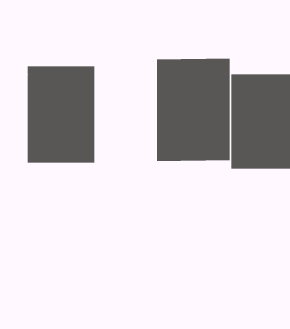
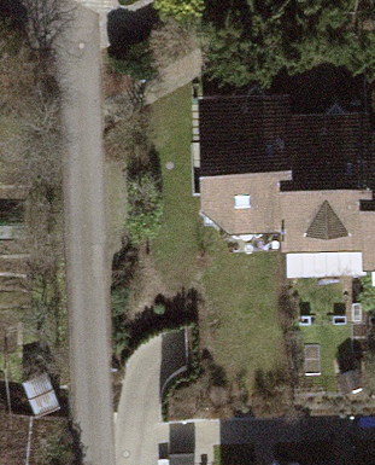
building: [27,66,95,164] -> none

